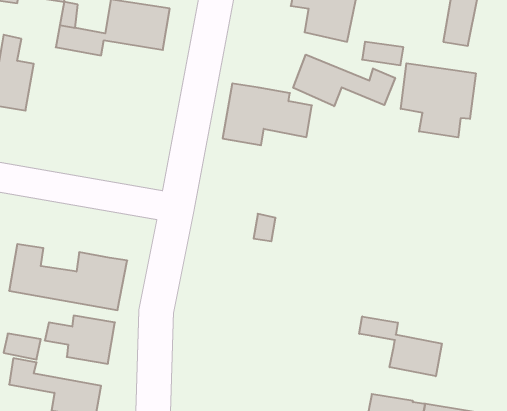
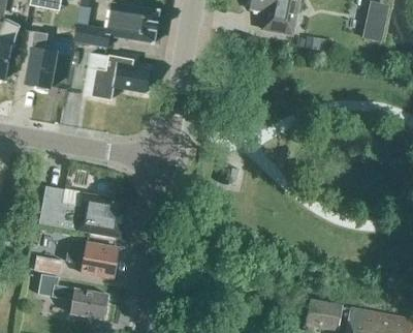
building: [293,55,395,106] -> none
building: [401,63,476,137] -> none
building: [223,83,312,145] -> [82,53,149,99]
building: [359,316,442,376] -> none

